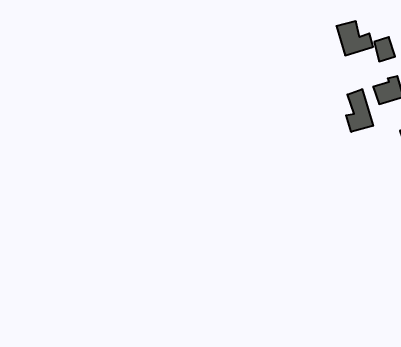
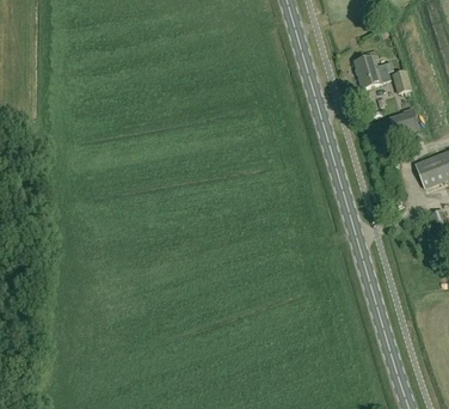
building: [346,89,373,132] -> none

